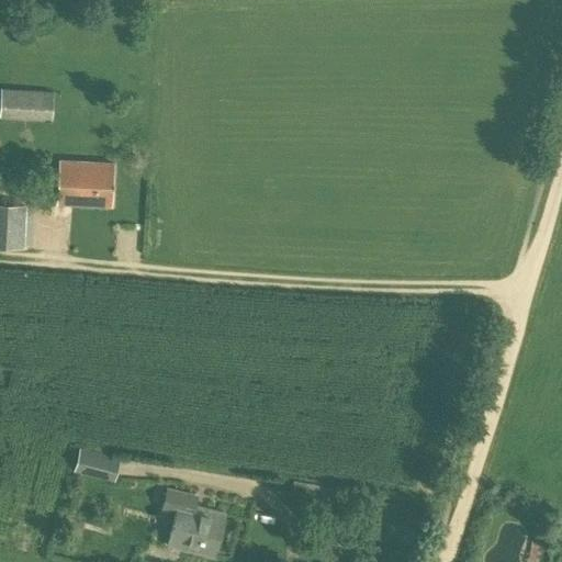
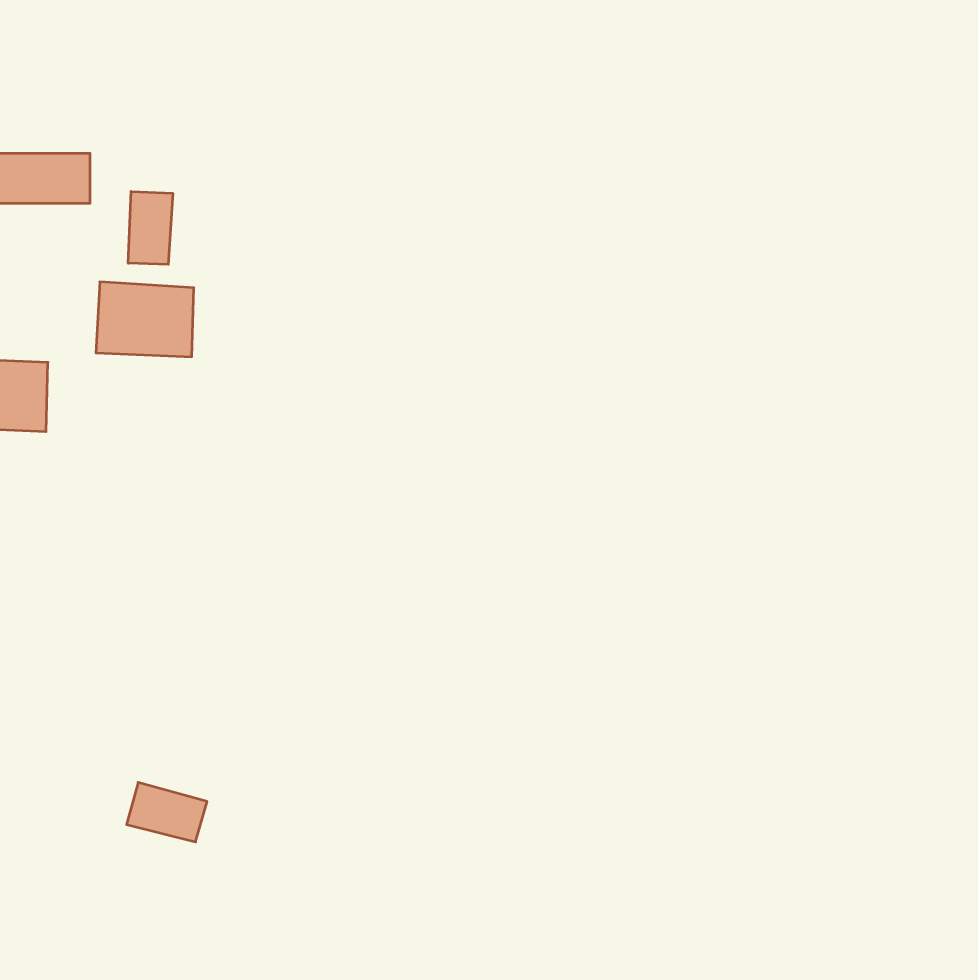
building: none -> [128,191,173,264]
building: [162,487,224,557] -> none

